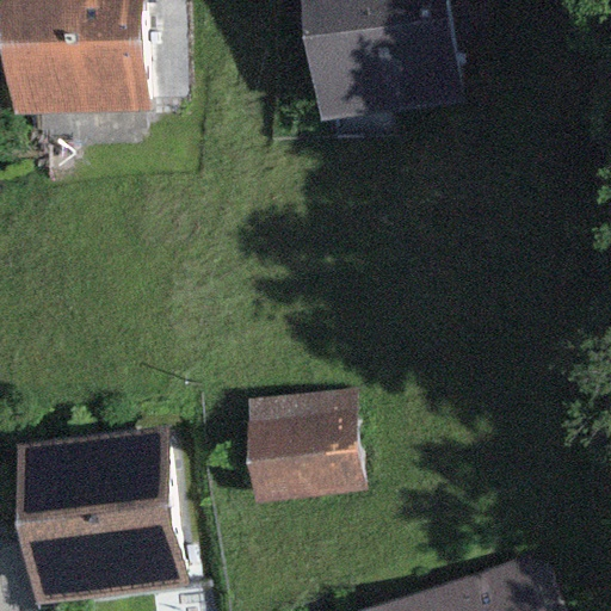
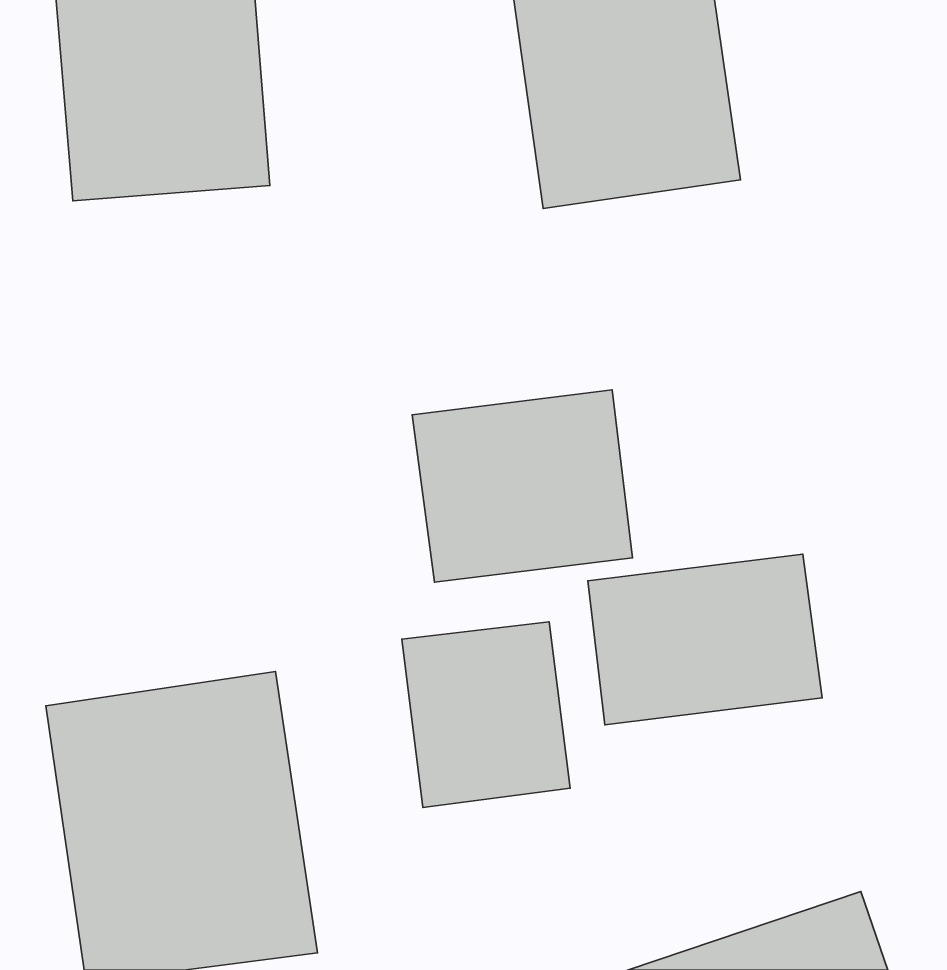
building: none -> [412,390,632,582]
building: none -> [588,554,822,725]

